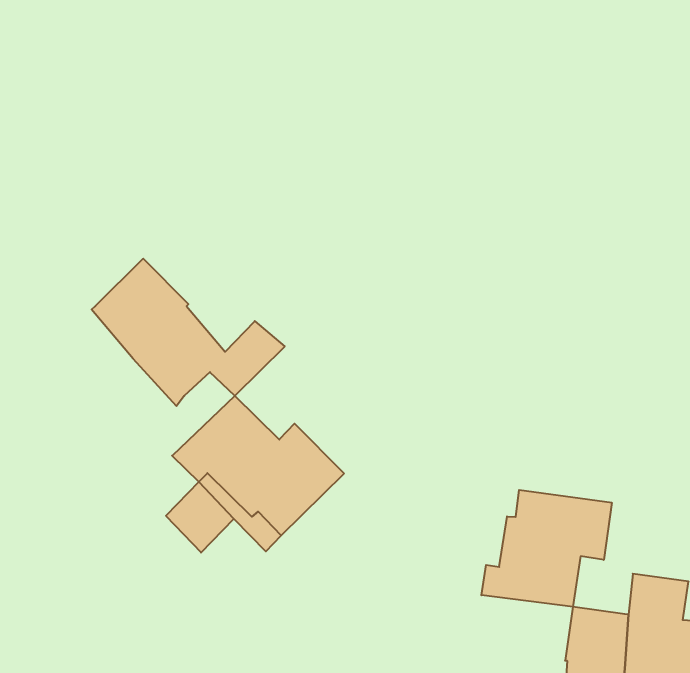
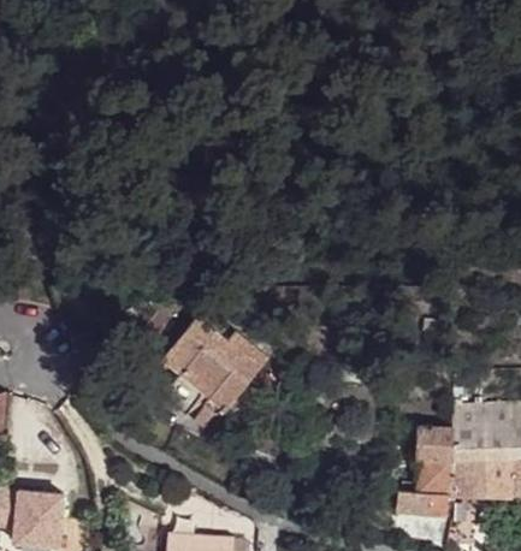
building: [92,259,285,406] -> none
building: [481,490,612,607] -> none

